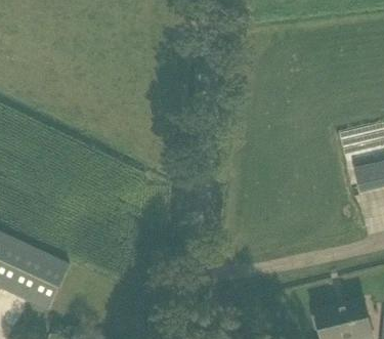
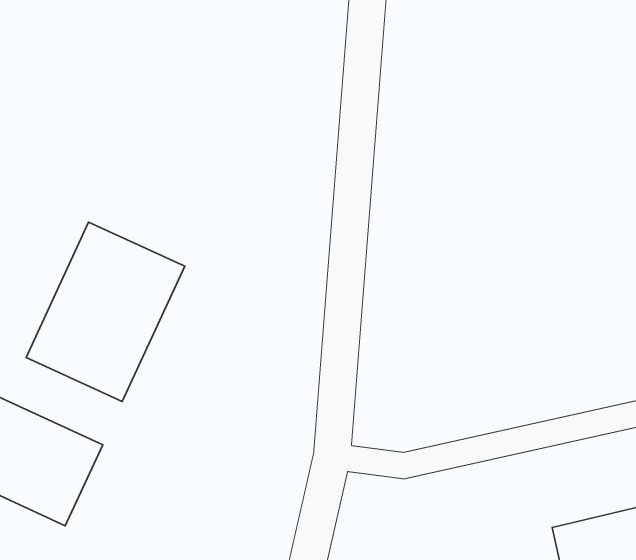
building: none -> [26,222,185,402]

